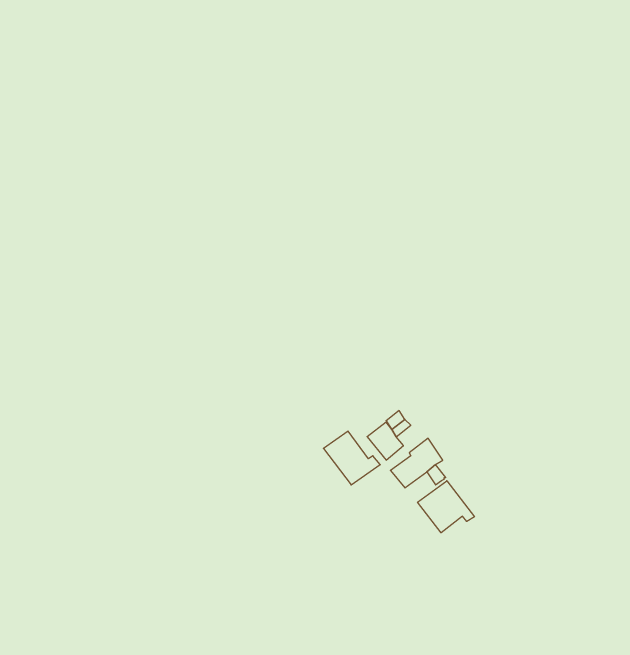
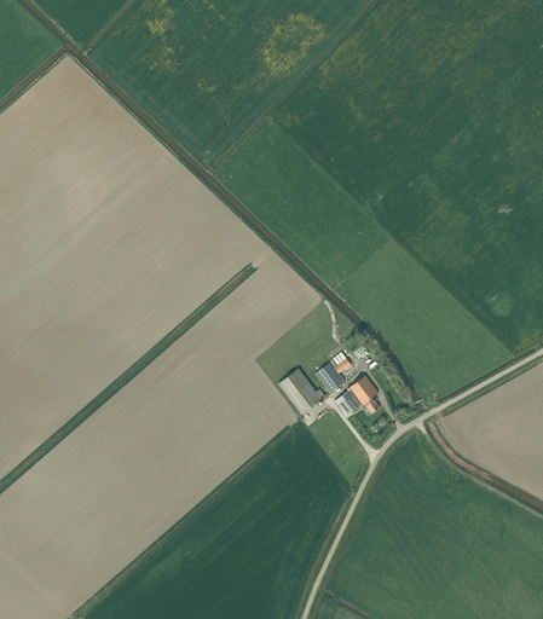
building: [418,481,474,533] -> none

